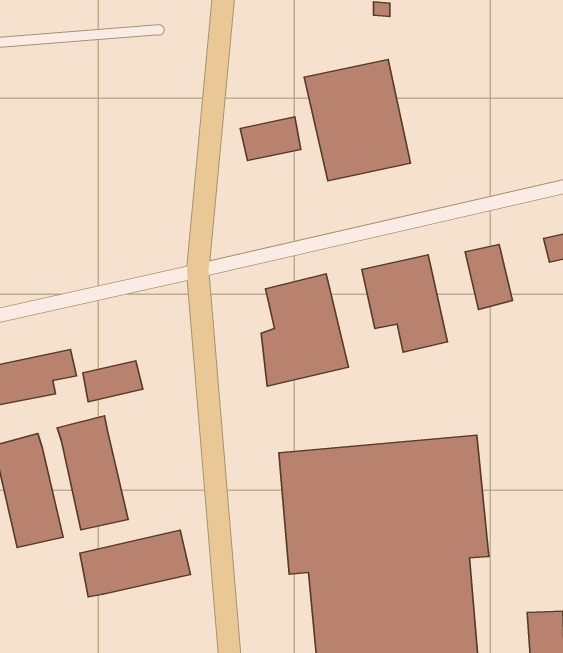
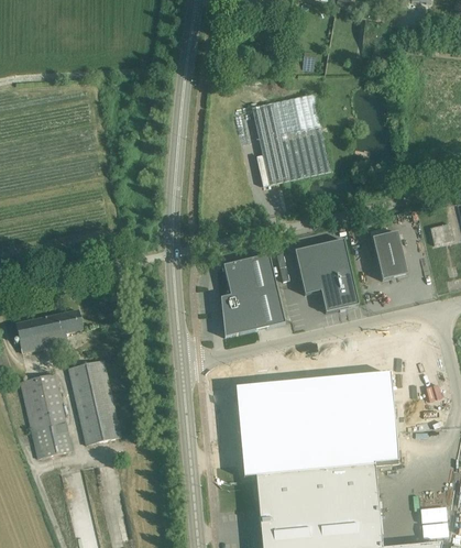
building: [240,117,301,161] -> none
building: [83,361,143,402] -> none
building: [80,530,191,597] -> none

